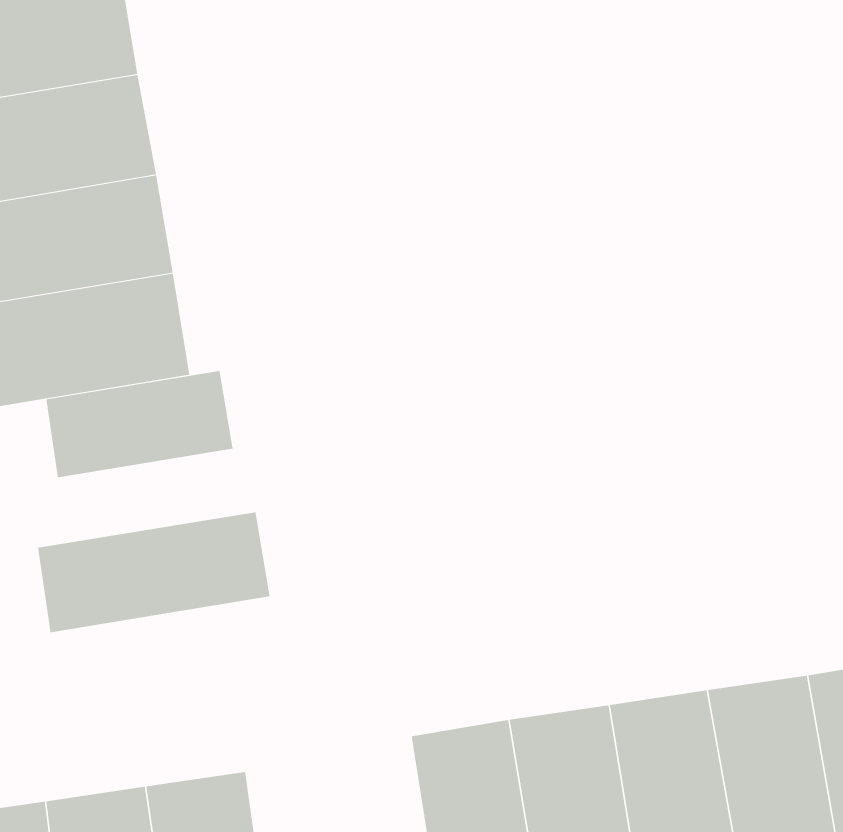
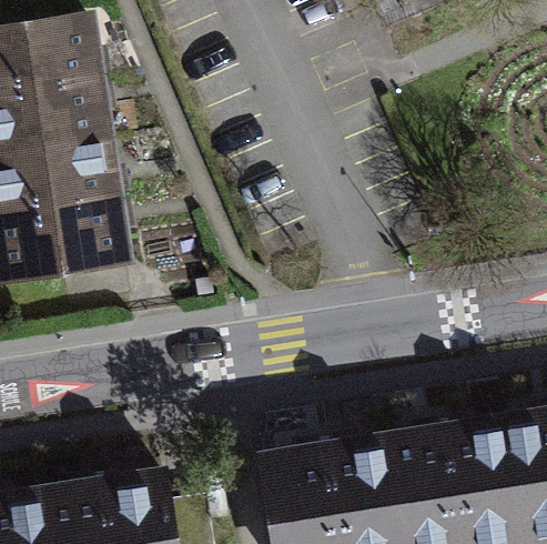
building: [46,370,233,478] -> none
building: [38,511,270,633] -> none

